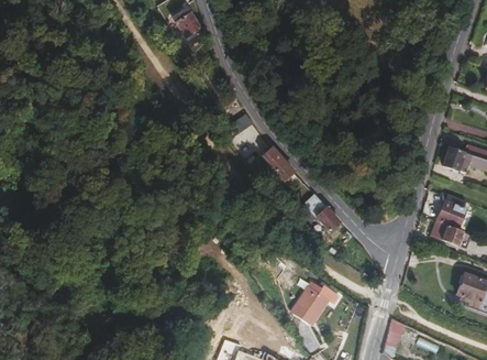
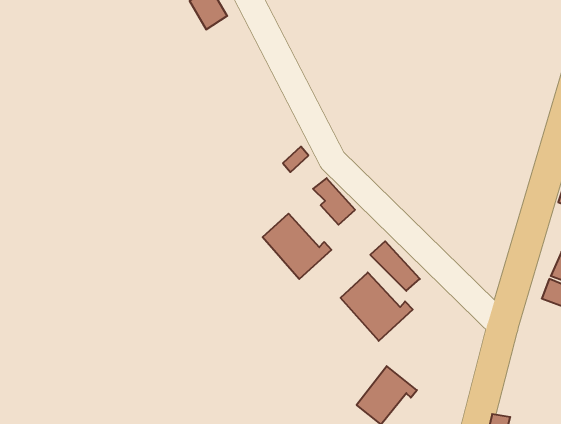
building: none -> [263,214,331,279]
building: none -> [341,272,413,341]

